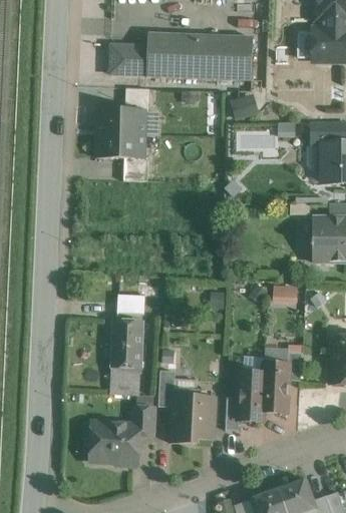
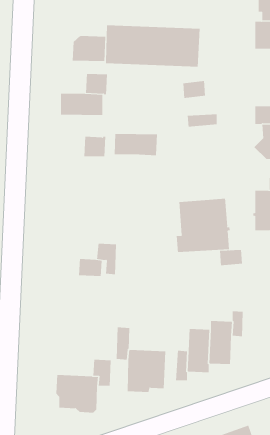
building: [95,133,144,158] -> [114,133,158,156]
building: none -> [176,198,230,253]
building: [109,320,142,395] -> none

